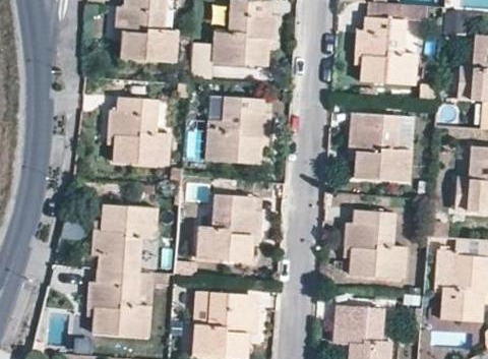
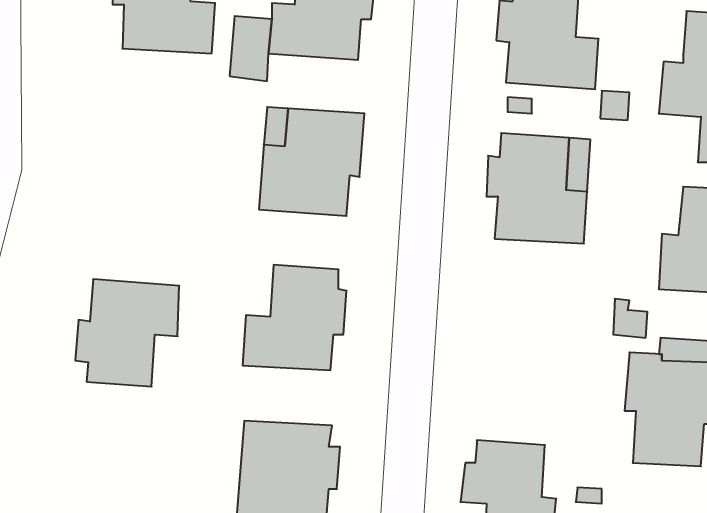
building: [107,97,171,166] -> none
building: [344,210,408,277] -> none
building: [87,267,151,337] -> none

